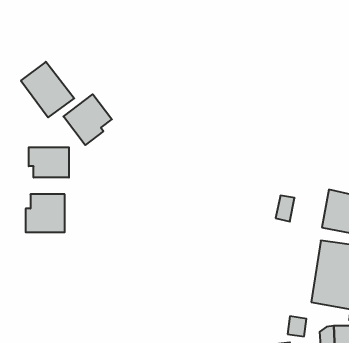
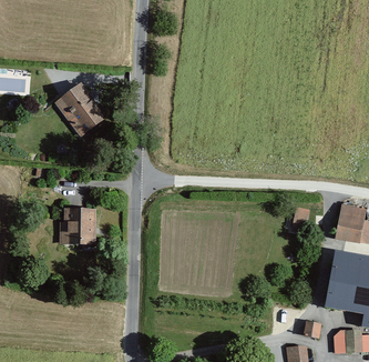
building: [63,94,112,145] -> none
building: [29,147,69,178] -> none

